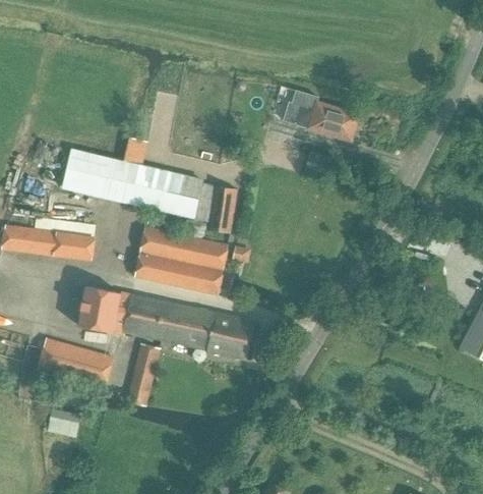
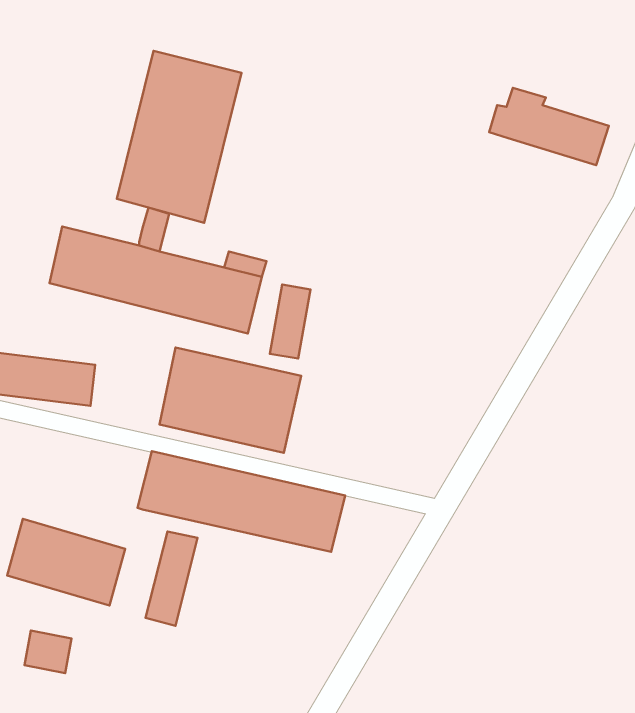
building: none -> [117,51,241,223]
building: [282,91,359,141] -> [489,88,609,165]
building: [78,286,131,335] -> none

